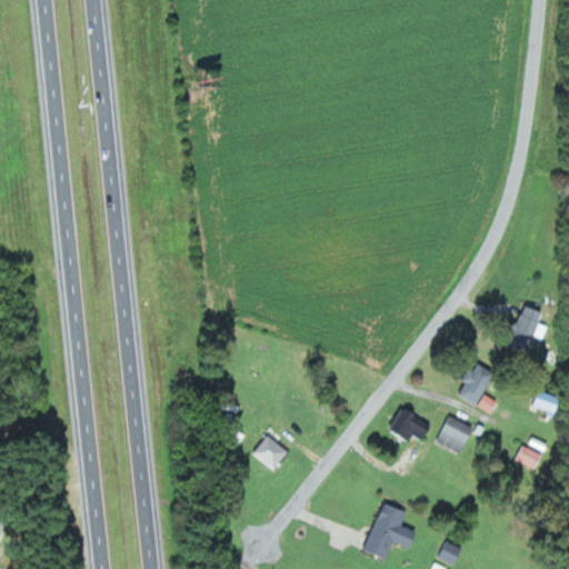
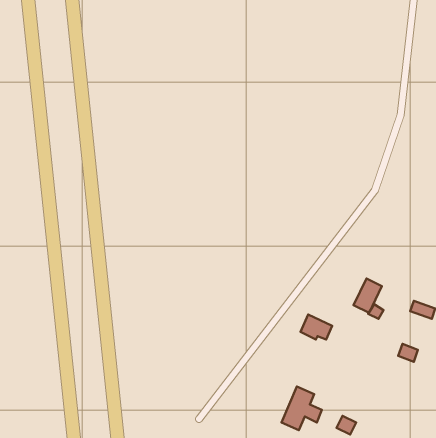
building: [508,305,541,353] -> none
building: [435,416,472,453] -> none
building: [253,435,289,470] -> none

